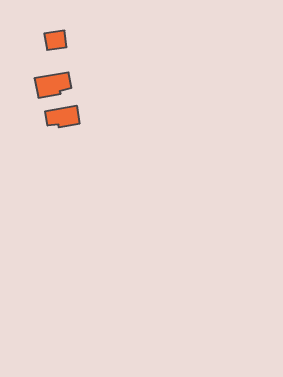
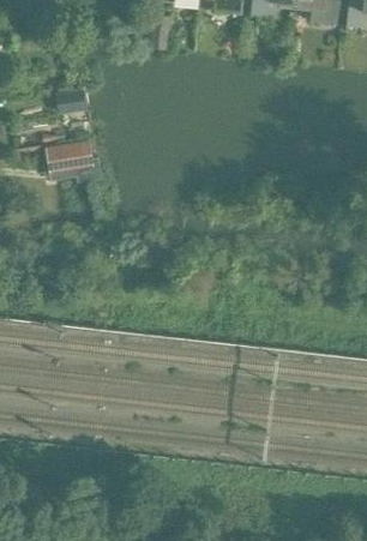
building: [45,106,79,127] -> none

